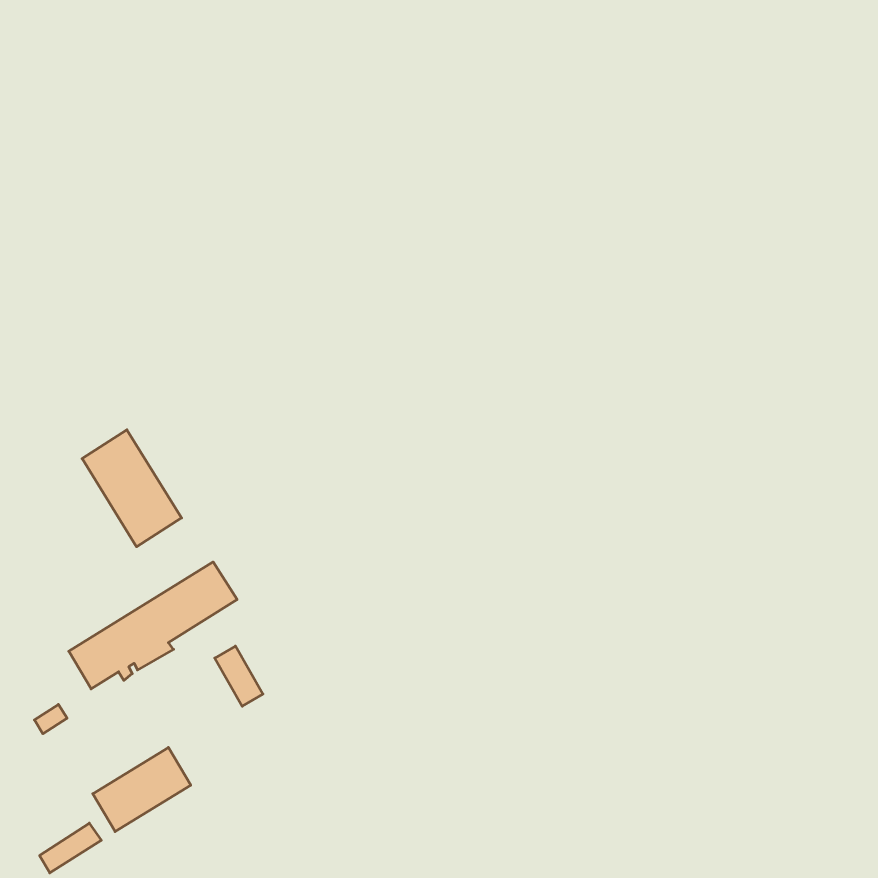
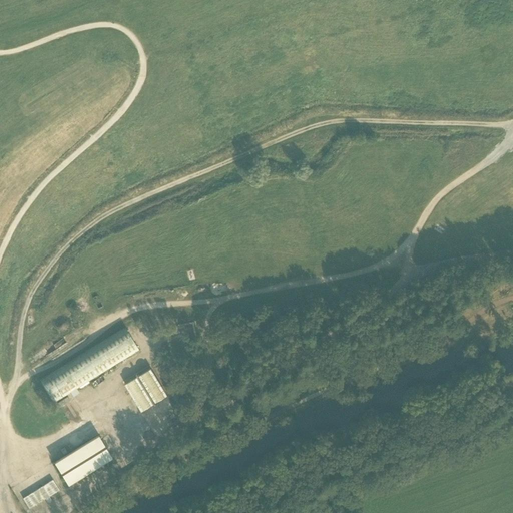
building: [82,430,182,547] -> none
building: none -> [138,369,167,403]

